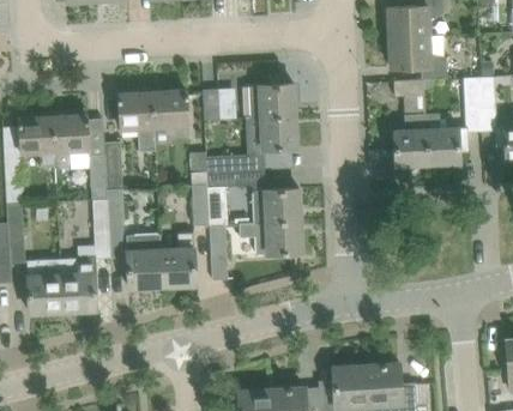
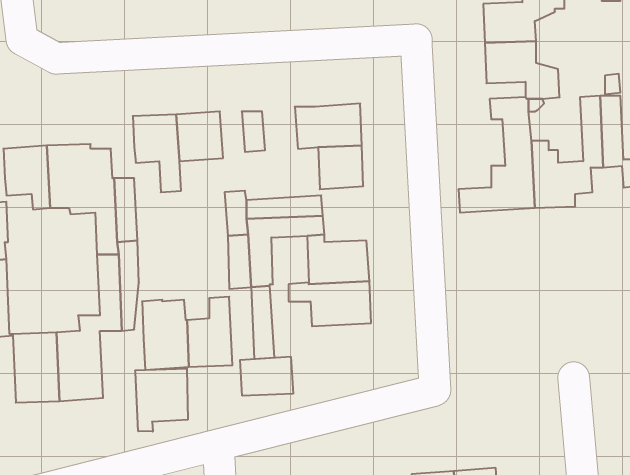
building: none -> [240,357,293,396]
building: none -> [135,368,188,432]

